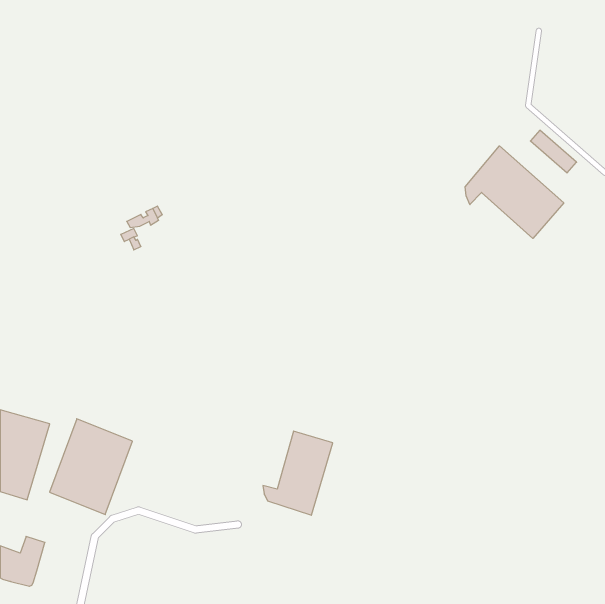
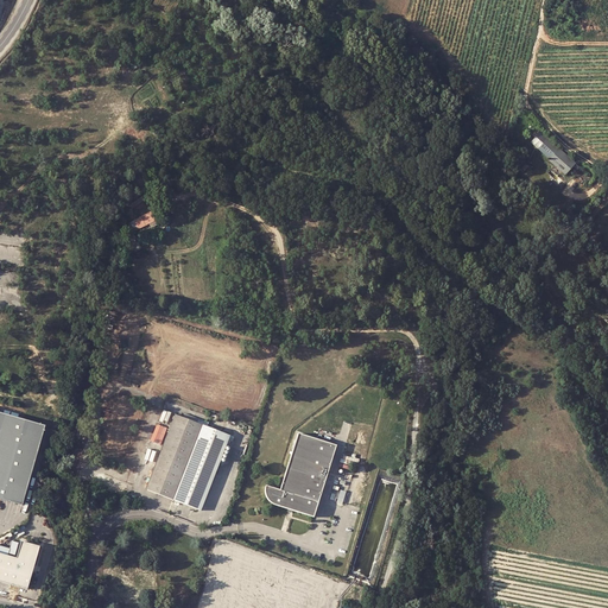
building: [465,146,564,238] -> none
building: [50,419,132,515] -> [146,412,229,508]

